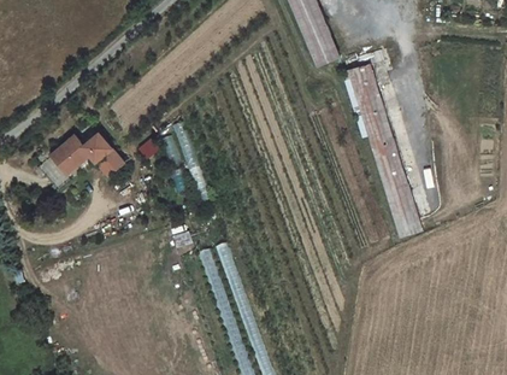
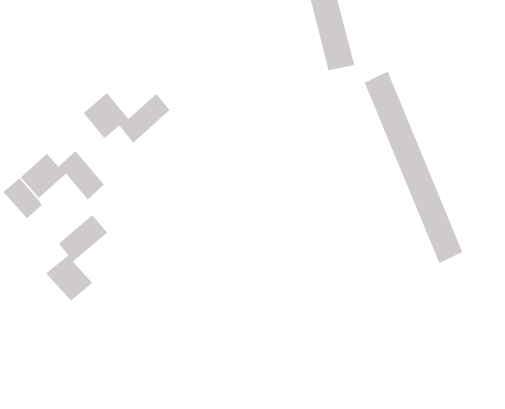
building: none -> [83,92,170,143]
building: none -> [45,214,108,302]

